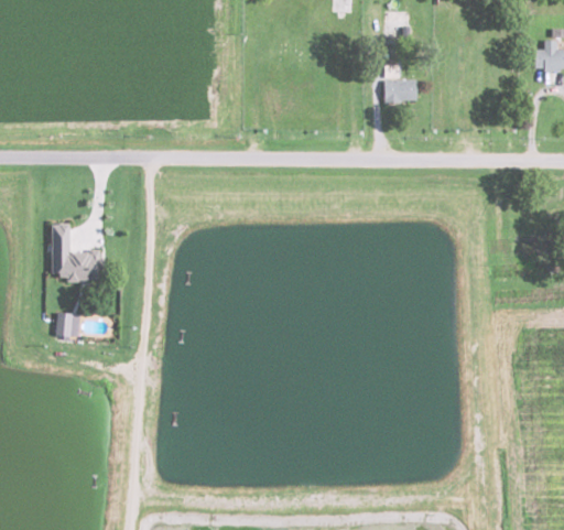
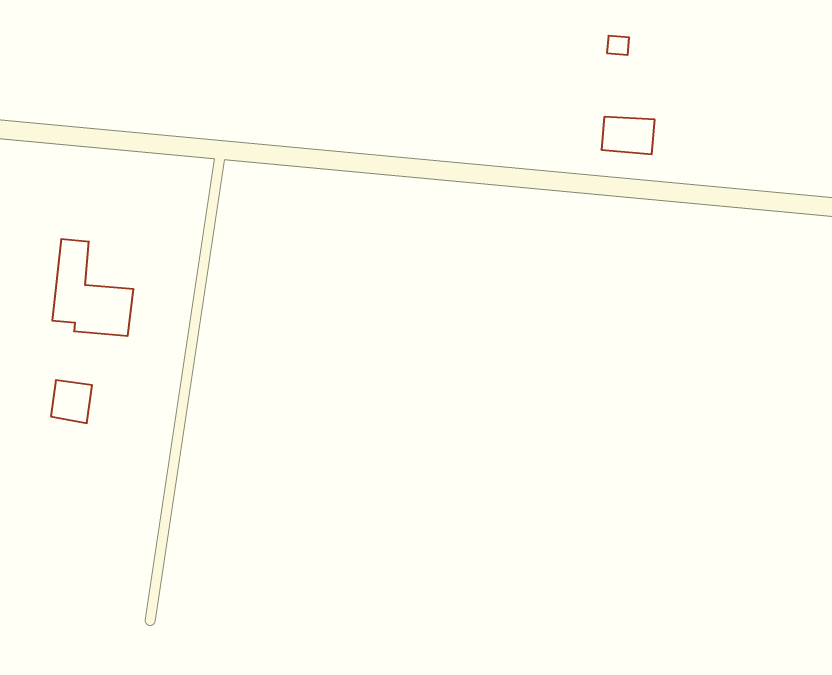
building: [386,79,417,101] -> [601,117,655,154]

